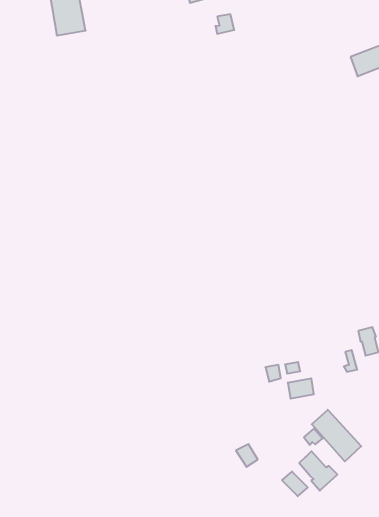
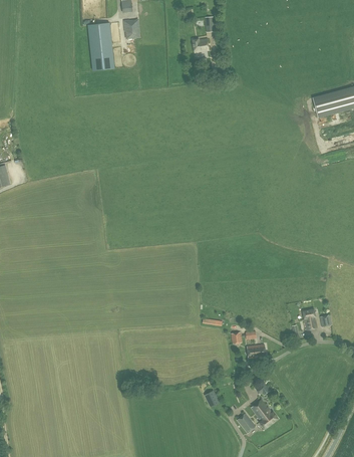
building: [312,410,361,461] -> none

